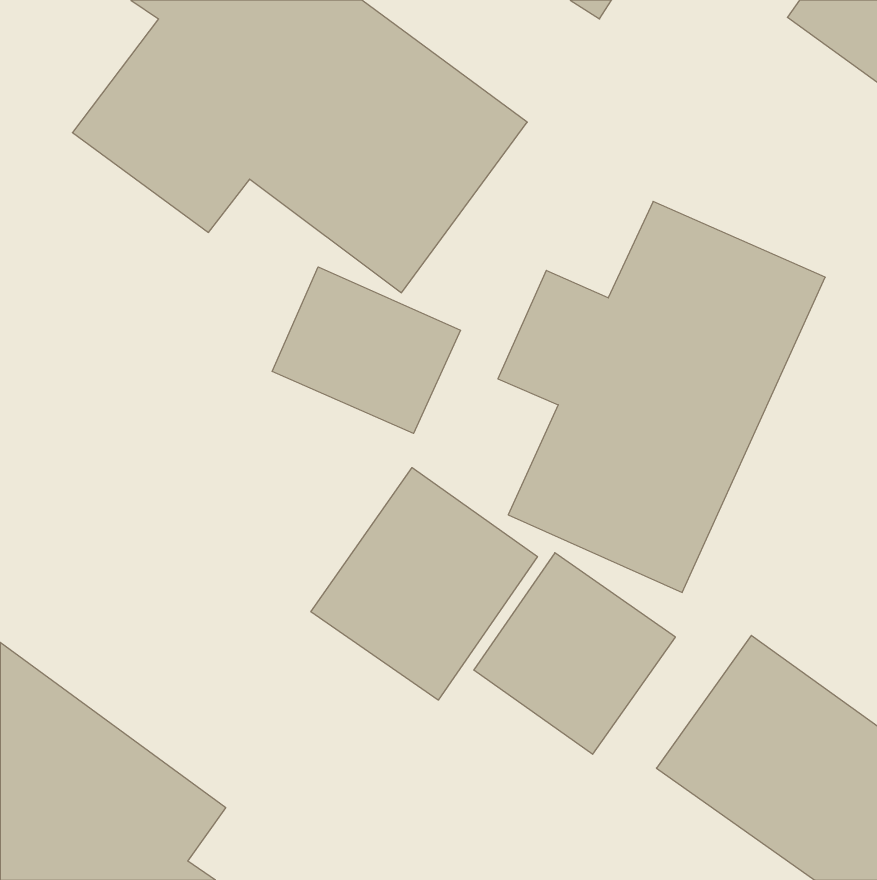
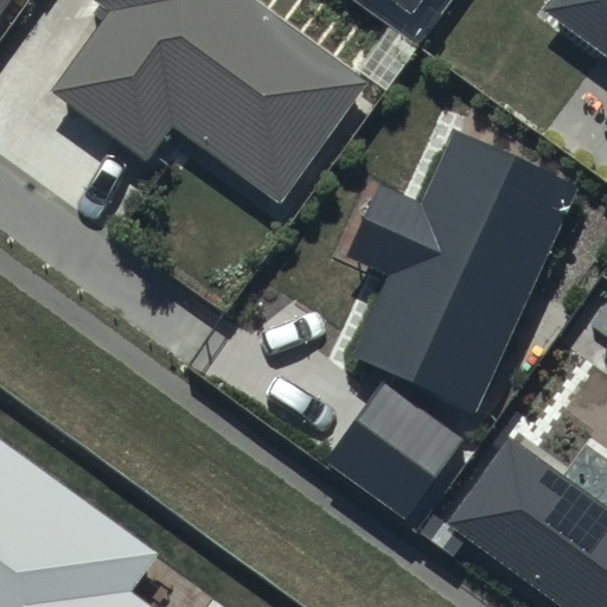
building: [272,267,461,433] -> none
building: [311,468,537,700] -> none

